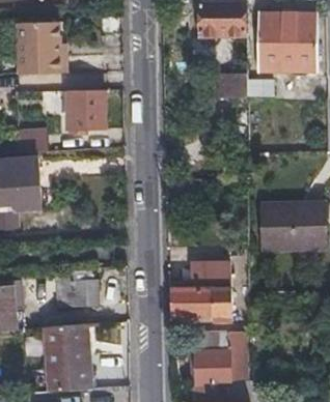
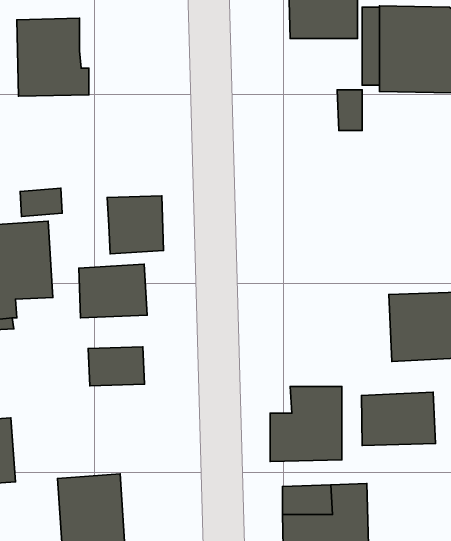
building: [67,91,105,130] -> [107,196,163,254]
building: none -> [79,264,147,318]
building: none -> [362,392,436,445]
building: [58,281,95,307] -> [88,347,144,386]

